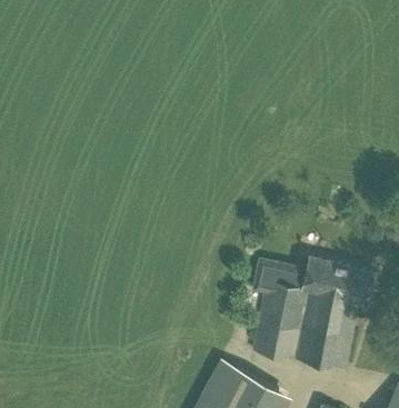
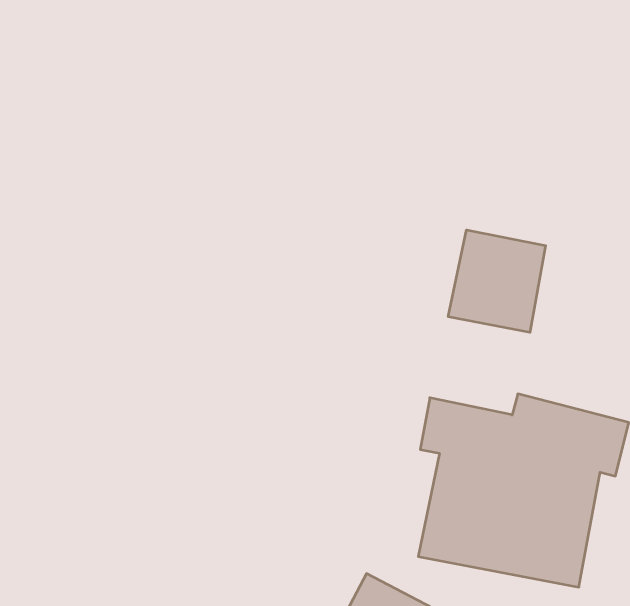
building: none -> [448,230,546,332]

